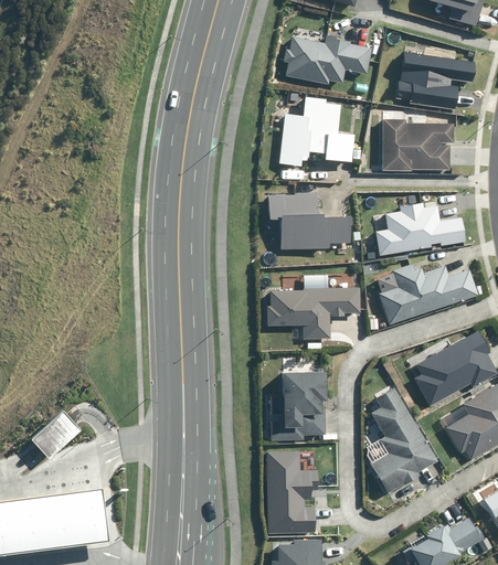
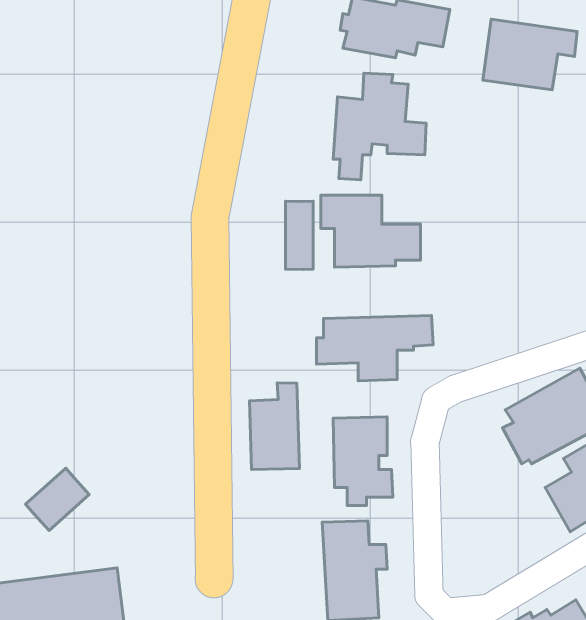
building: [380,119,453,172] -> none
building: none -> [286,201,313,269]
building: [375,202,462,254] -> none
building: [373,263,474,323] -> none
building: none -> [250,383,299,469]
building: [369,386,439,492] -> none

